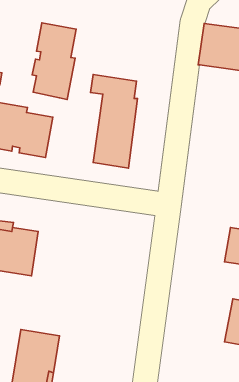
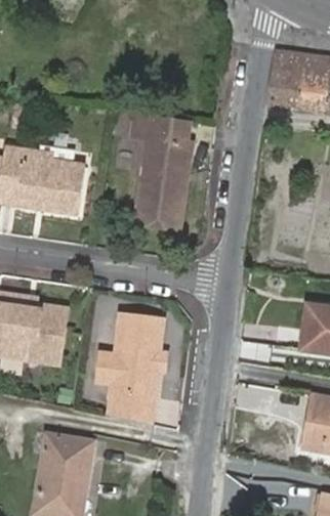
building: [32,23,76,99] -> none
building: none -> [97,313,167,423]

